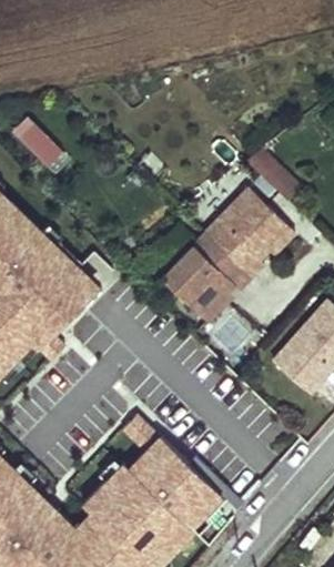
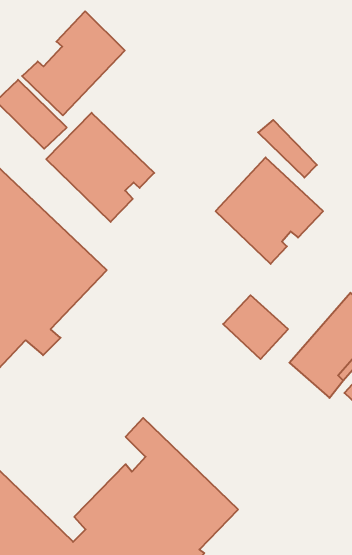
building: none -> [22,11,125,115]
building: none -> [46,113,154,222]
building: [160,234,251,325] -> none

